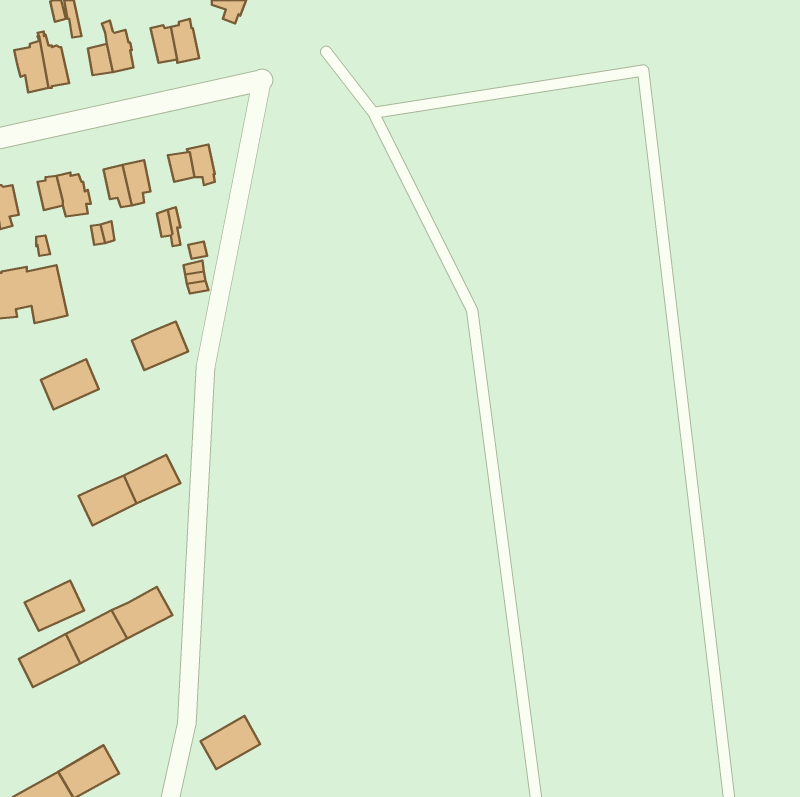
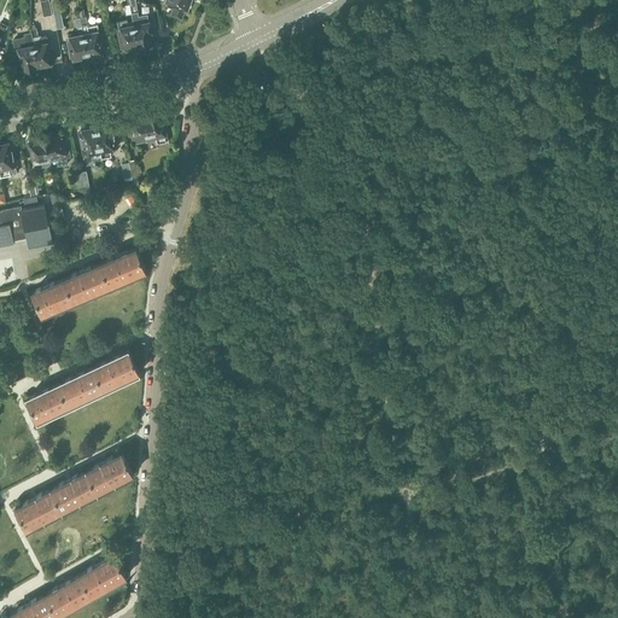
building: none -> [66,266,111,303]
building: [25,581,84,631] -> [25,385,71,424]
building: [201,716,260,769] -> [80,558,126,599]

